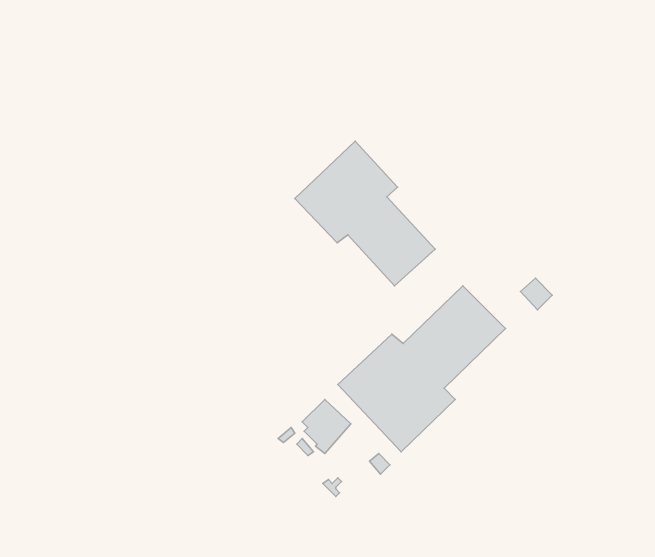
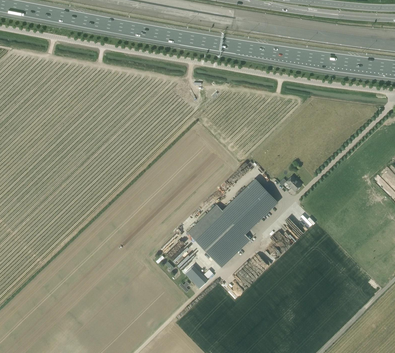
building: [295,141,435,286] -> none

